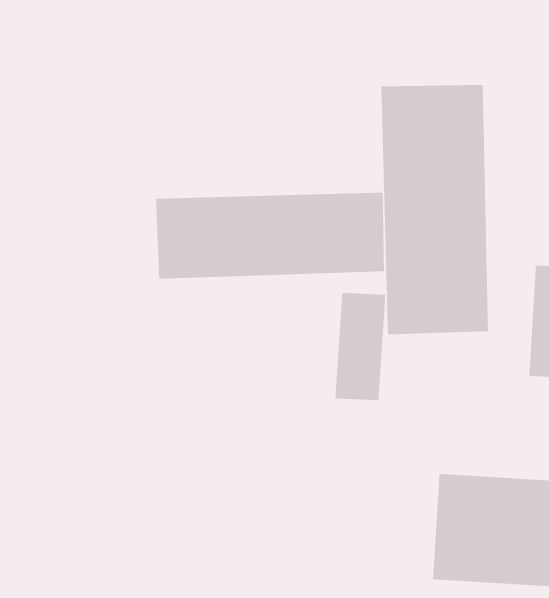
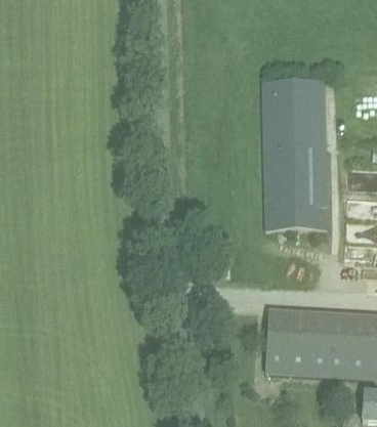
building: [155,192,385,280] -> none
building: [335,292,386,401] -> [266,309,297,374]

